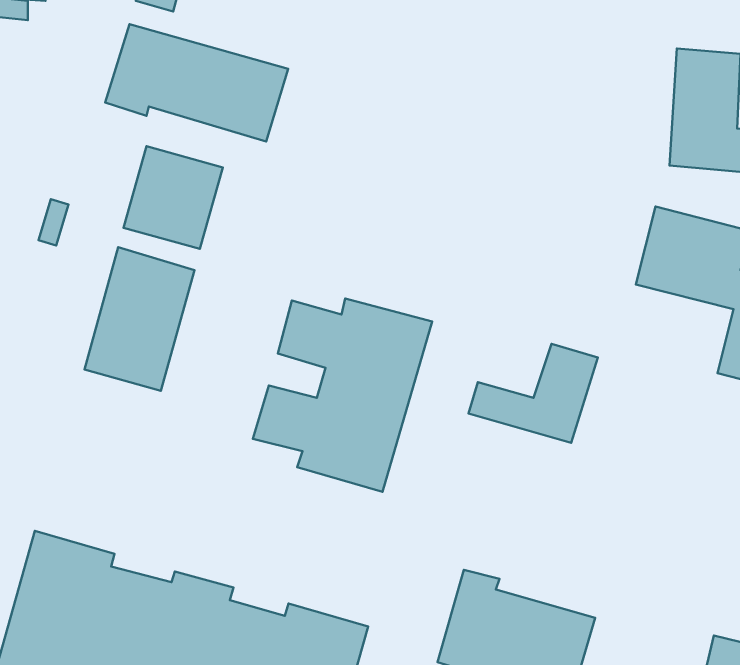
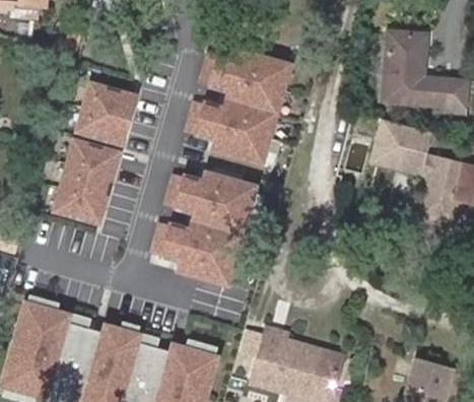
building: [105,24,288,141] -> none
building: none -> [185,49,287,162]
building: [469,344,598,443] -> none

